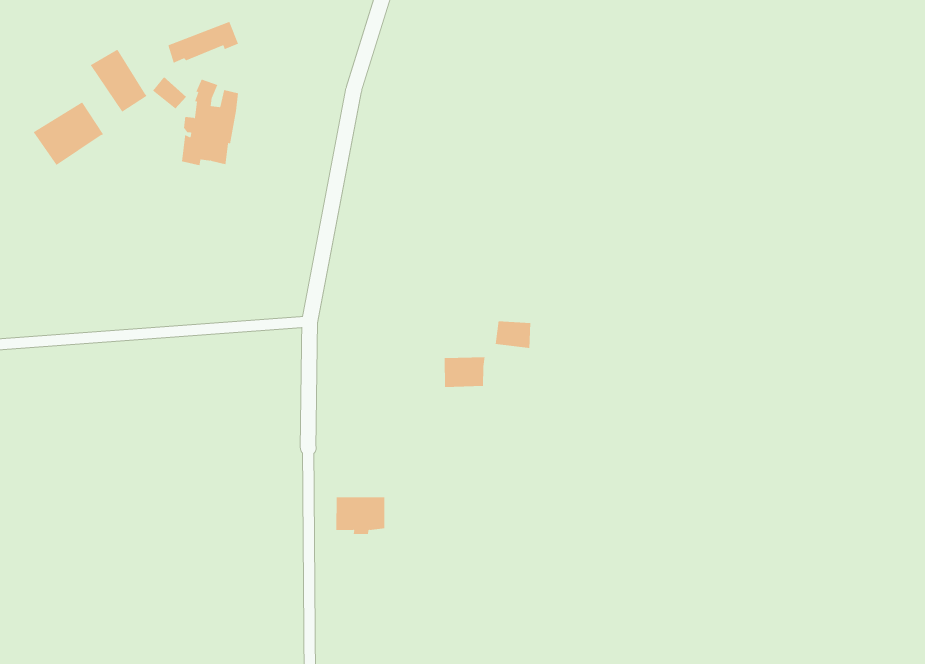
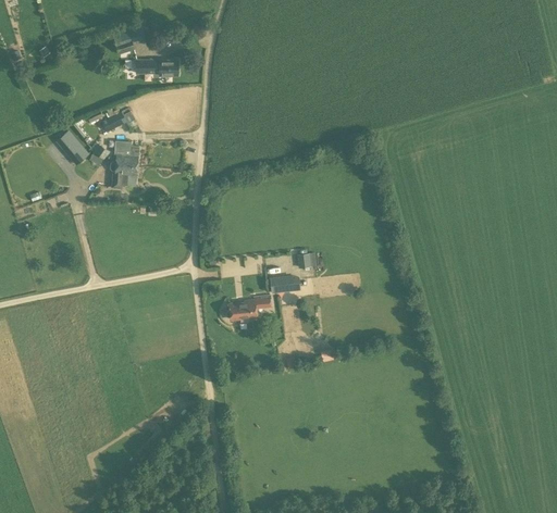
building: [33,101,104,166] -> none
building: [336,497,385,534] -> [228,298,258,321]

